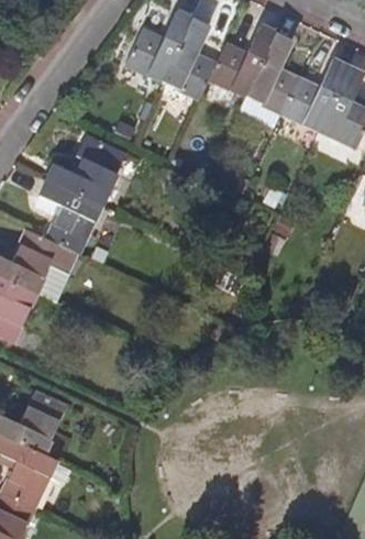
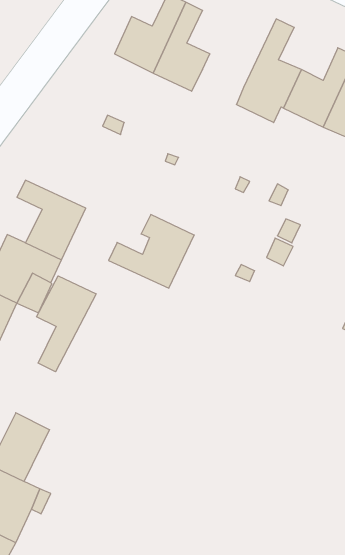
building: [207,24,274,94] -> none
building: [45,136,123,204] -> [109,215,194,288]
building: none -> [37,276,96,372]

